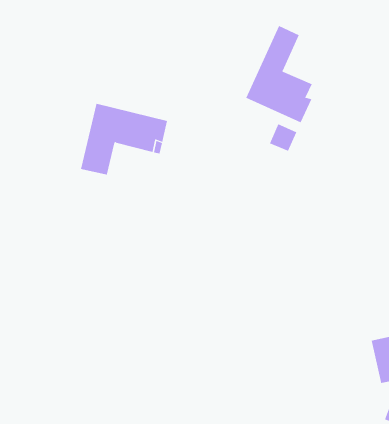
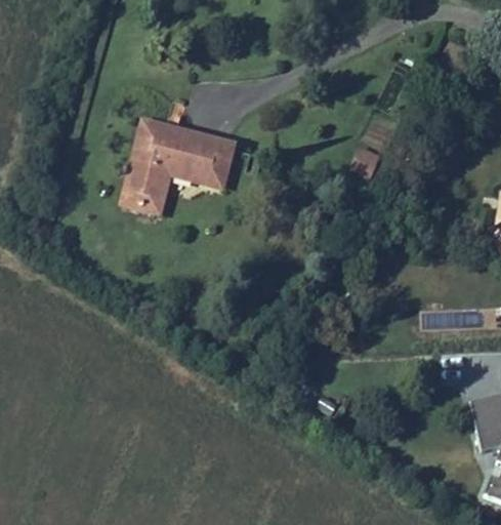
building: [245,25,312,123] -> none

